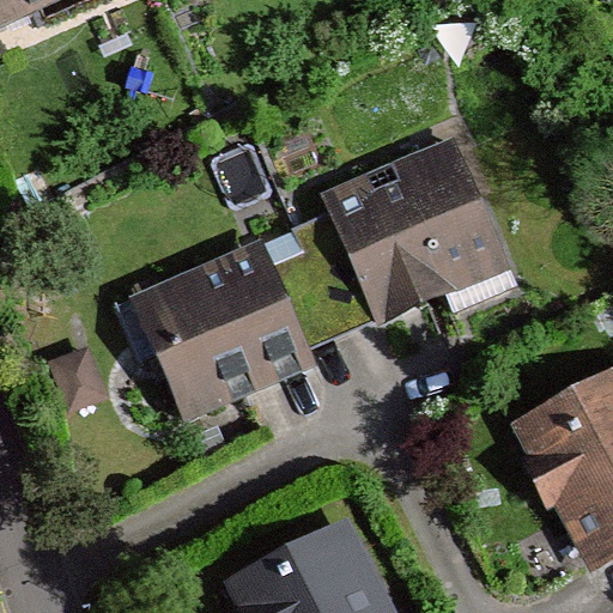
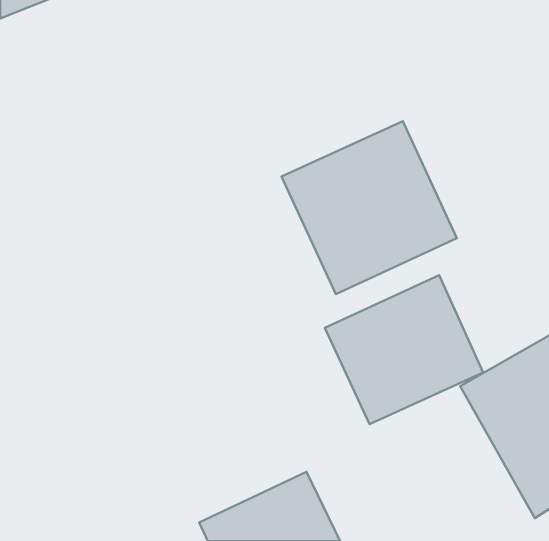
building: [128,242,310,424] -> none
building: none -> [325,275,483,424]

